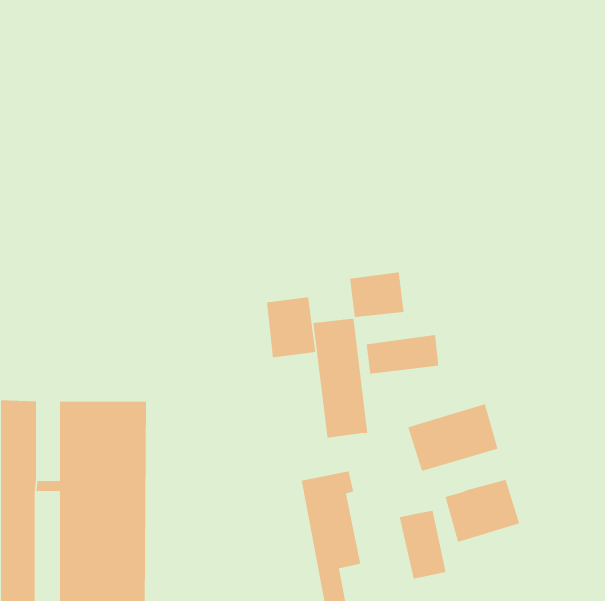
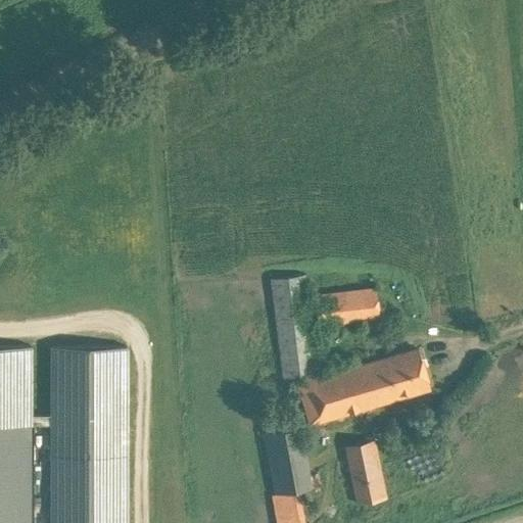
building: [349,272,404,318] -> none
building: [266,297,316,358] -> none
building: [445,479,520,543] -> [298,372,364,427]

